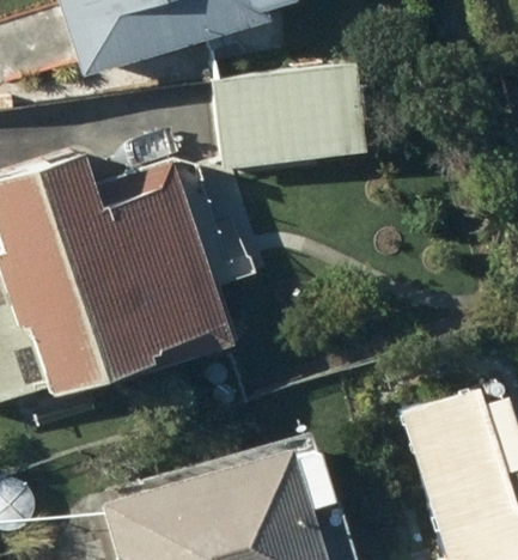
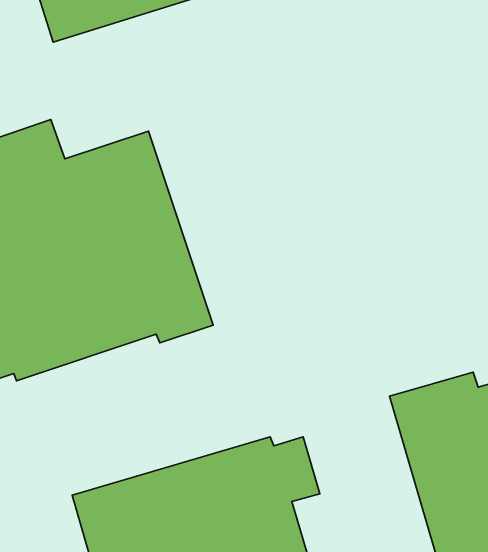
building: [213,65,368,170] -> none

